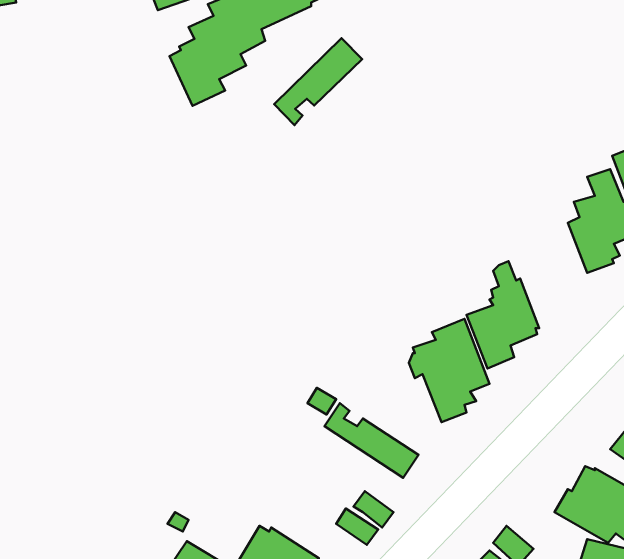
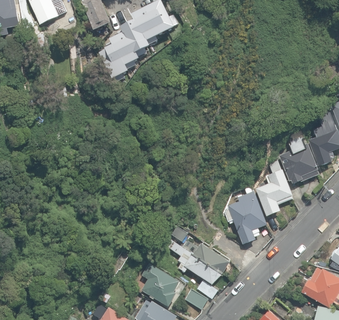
building: [274,38,362,125] -> none
building: none -> [279,130,319,183]
building: none -> [166,239,222,284]
building: none -> [141,262,180,306]

